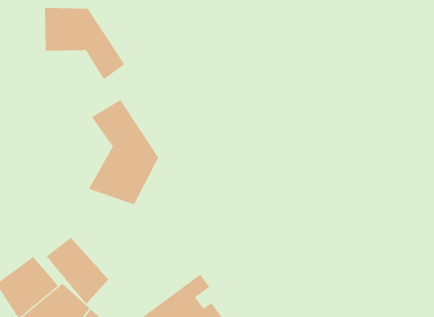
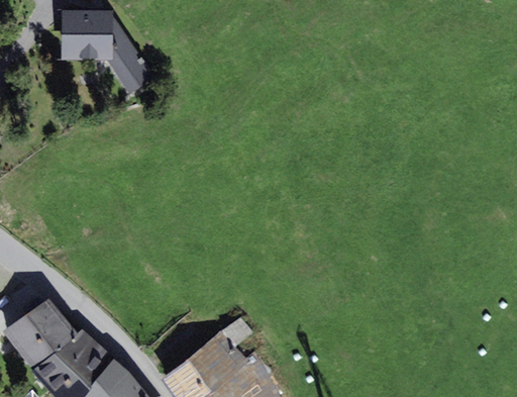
building: [88,99,159,205] -> none
building: [46,237,109,305] -> none

